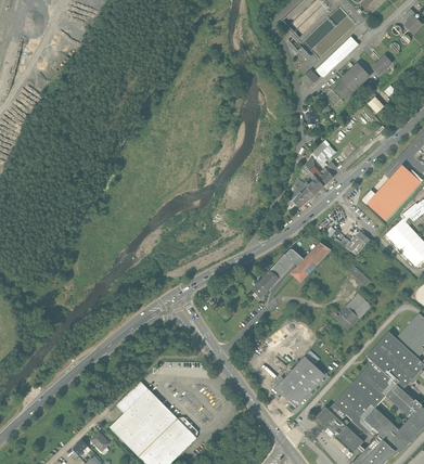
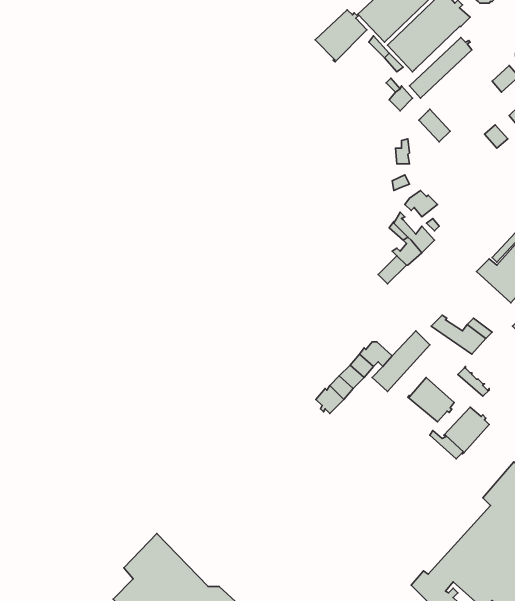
building: none -> [315,10,367,62]
building: [336,65,369,98] -> none
building: none -> [408,378,454,422]
building: [274,357,325,411] -> none

